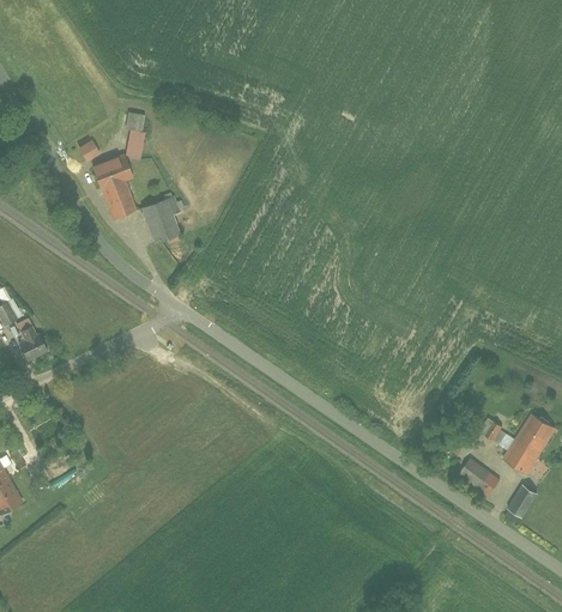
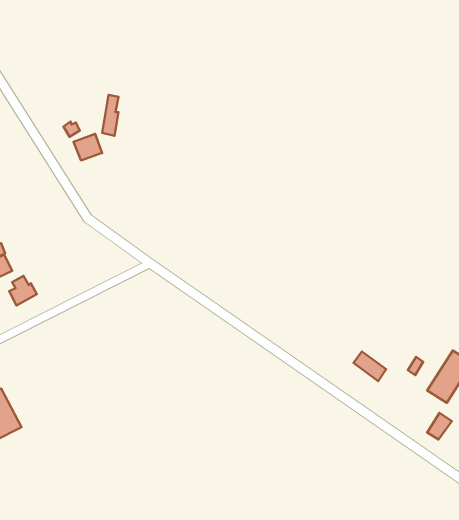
building: [99,180,134,218] -> none
building: [141,199,177,243] -> none
building: [460,460,498,495] -> [354,352,386,381]

